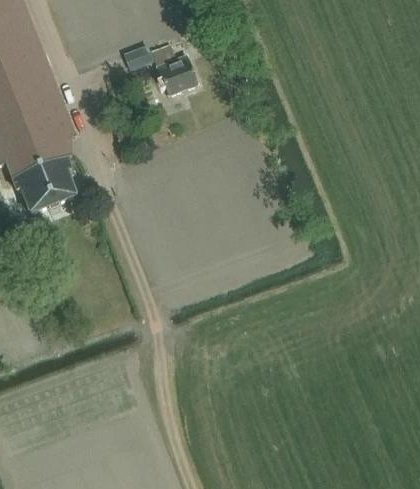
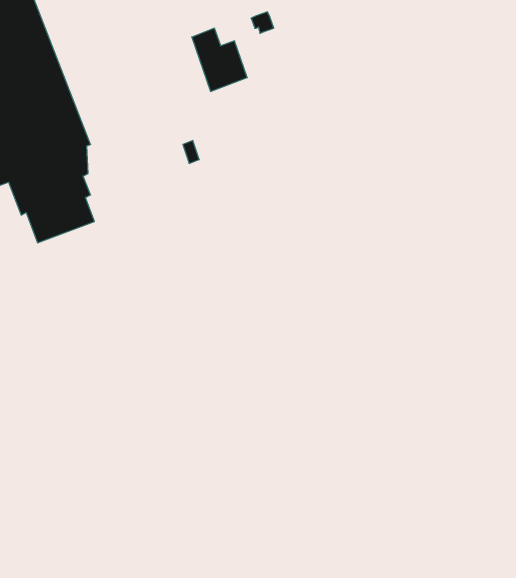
building: [124,43,154,68] -> none

